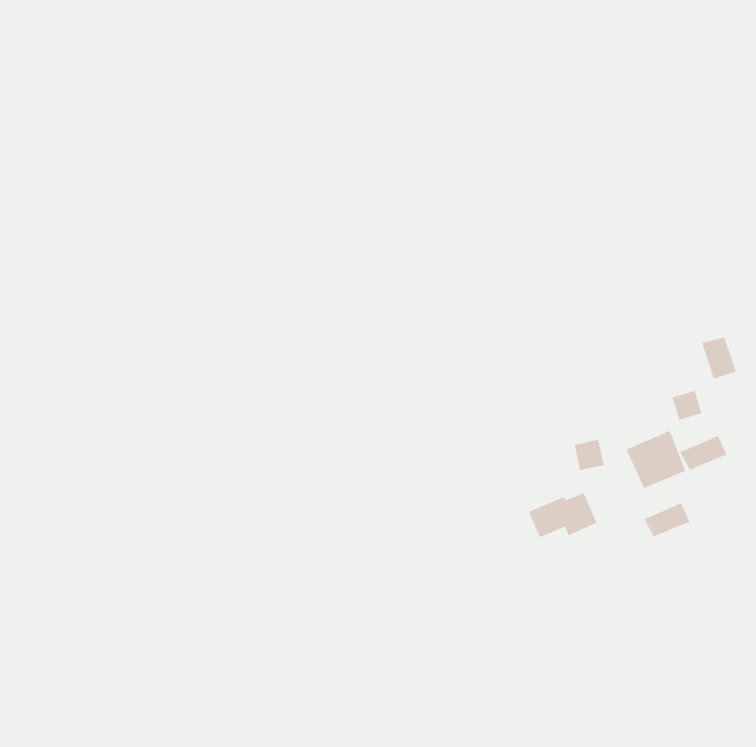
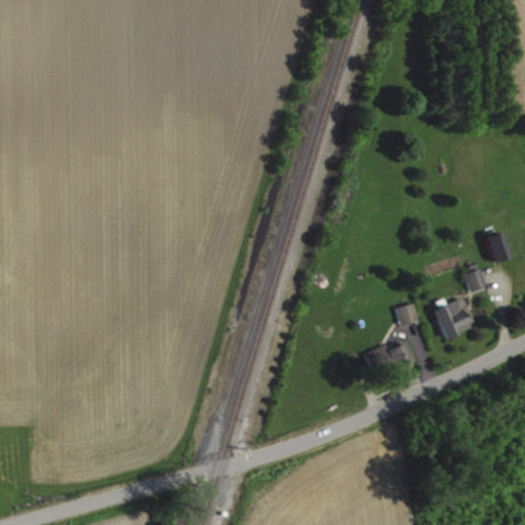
building: [679,435,728,471] -> none
building: [643,502,690,537] -> none

